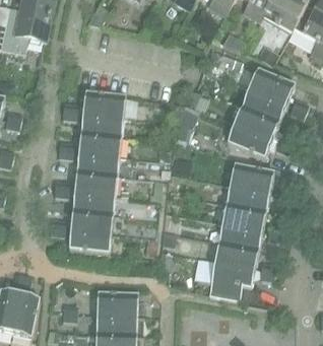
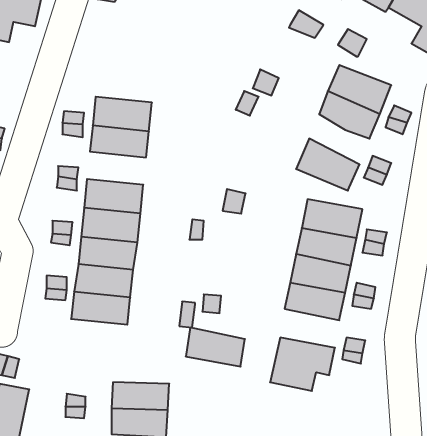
building: [236,102,278,138] -> none
building: [79,129,121,152] -> none
building: [215,239,257,267] -> [186,328,245,367]

